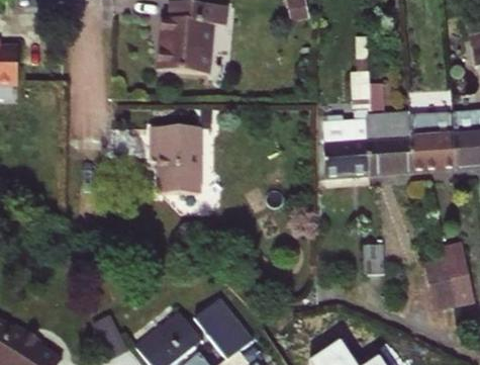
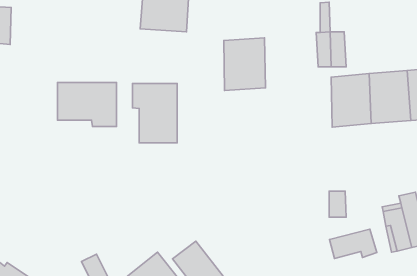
building: [323,120,369,178] -> [224,38,265,91]
building: none -> [58,83,116,126]
building: none -> [330,229,377,259]

